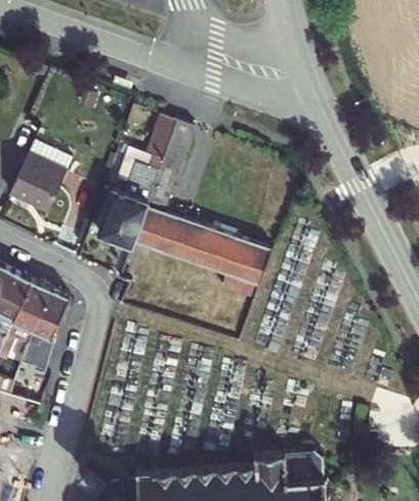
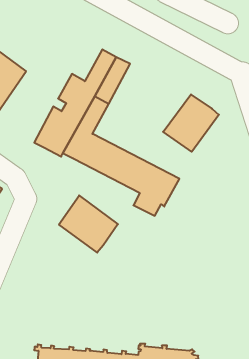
building: none -> [163,94,219,152]
building: none -> [59,195,118,253]

